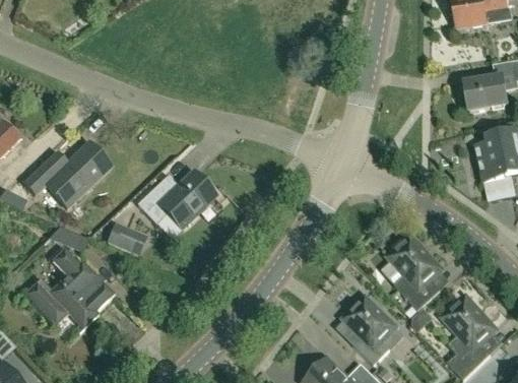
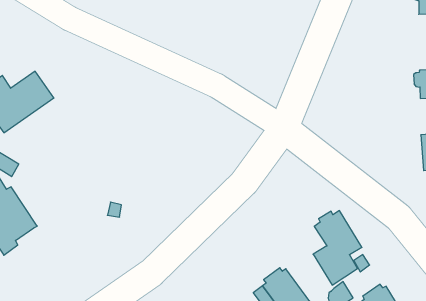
building: [137,172,214,226] -> none
building: [104,216,148,256] -> none

